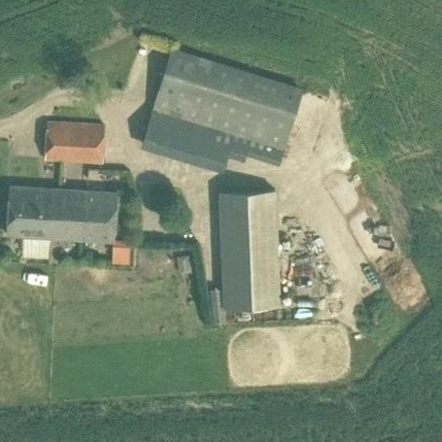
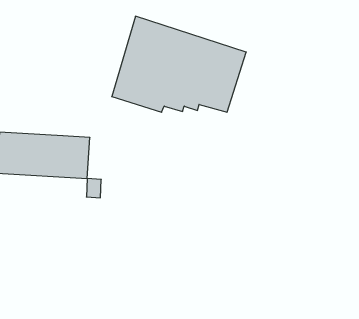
building: [46,123,105,163] -> none
building: [213,190,280,313] -> none

